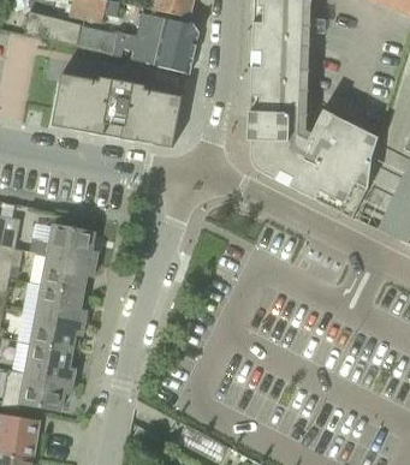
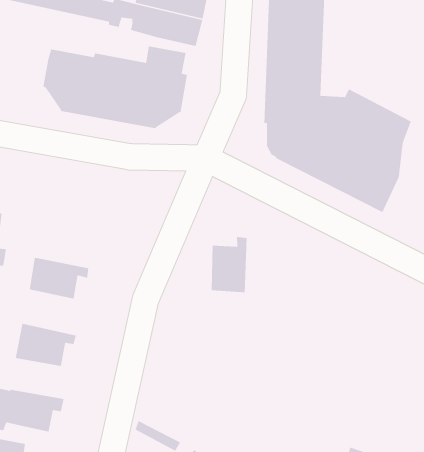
building: [29,225,97,266] -> none
building: none -> [211,236,248,293]
building: [36,285,87,324] -> none
building: [25,345,76,380] -> none

